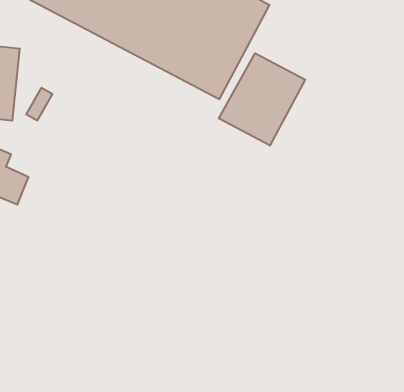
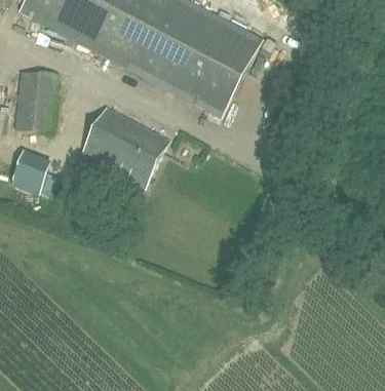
building: [219,53,305,146] -> none
building: none -> [72,106,168,186]

